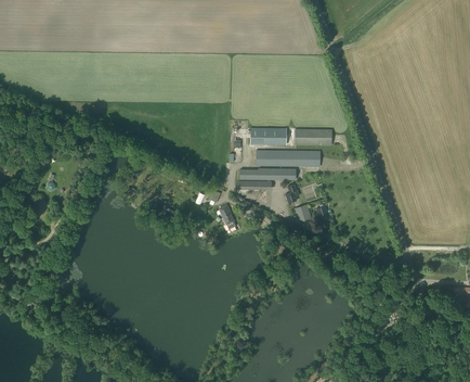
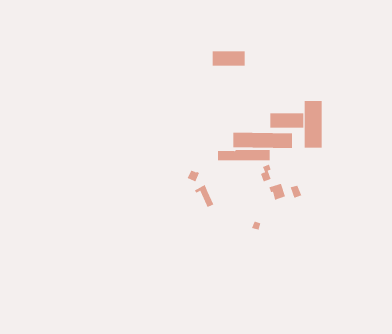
building: none -> [304,100,322,149]
building: [250,128,286,144] -> [212,51,246,66]

